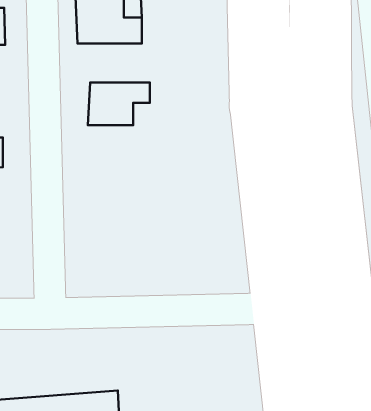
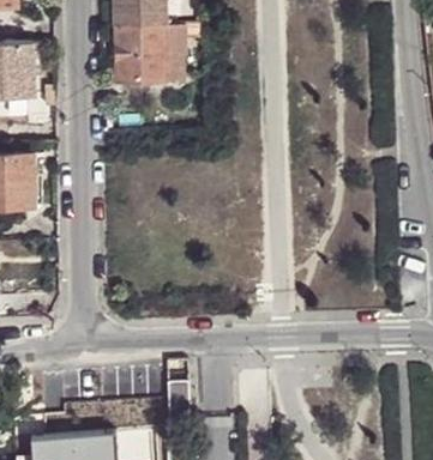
building: [88,82,150,125] -> none

